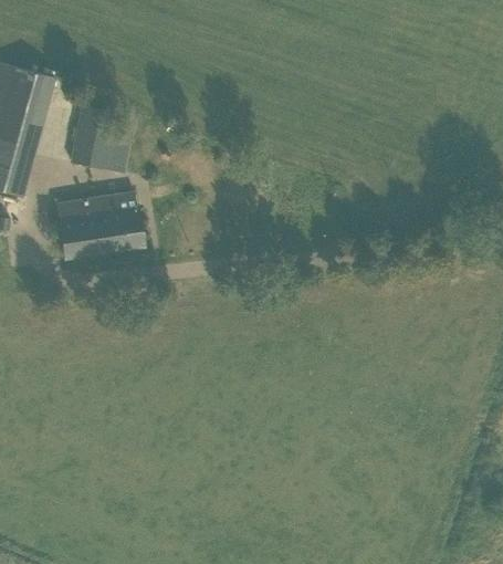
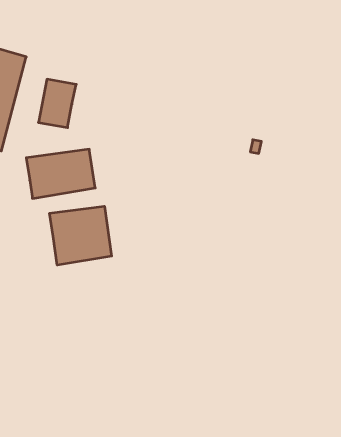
building: none -> [50,206,112,265]

